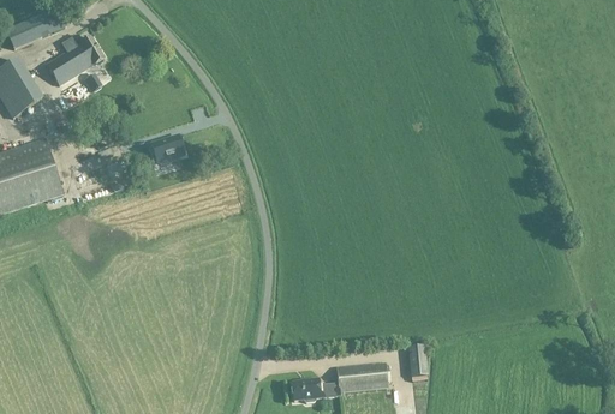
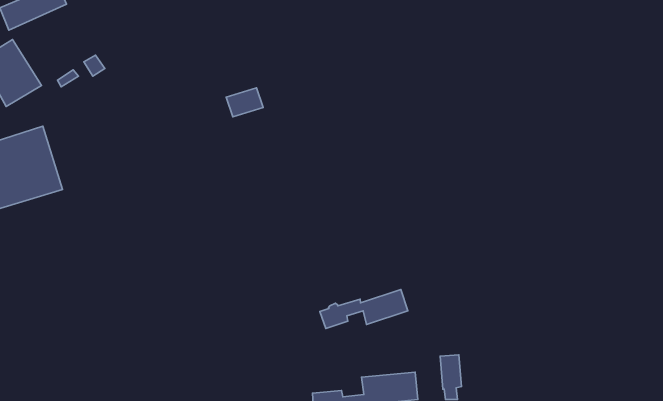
building: [44,36,102,85] -> none
building: [150,136,184,162] -> [226,88,263,117]
building: none -> [320,290,408,328]

